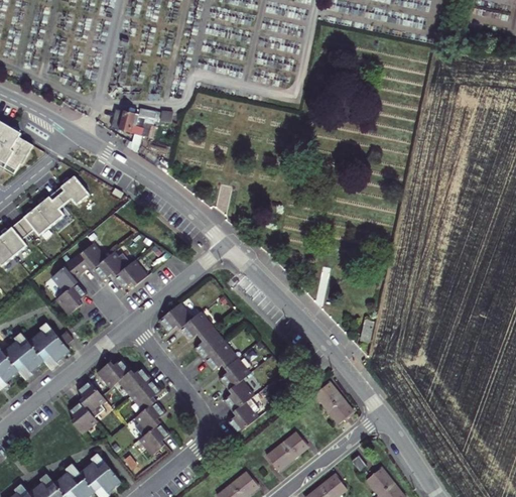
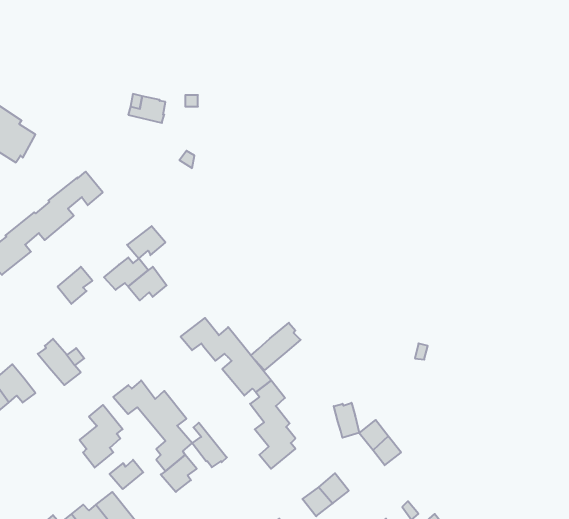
building: [72,242,105,270] -> [127,226,165,259]
building: [55,279,87,313] -> none
building: none -> [251,323,301,370]
building: [12,334,58,369] -> none
building: none -> [334,403,359,438]
building: none -> [192,423,227,467]
building: none -> [110,460,143,489]

